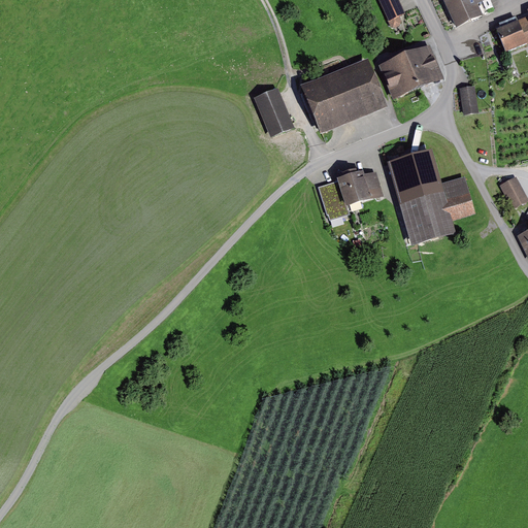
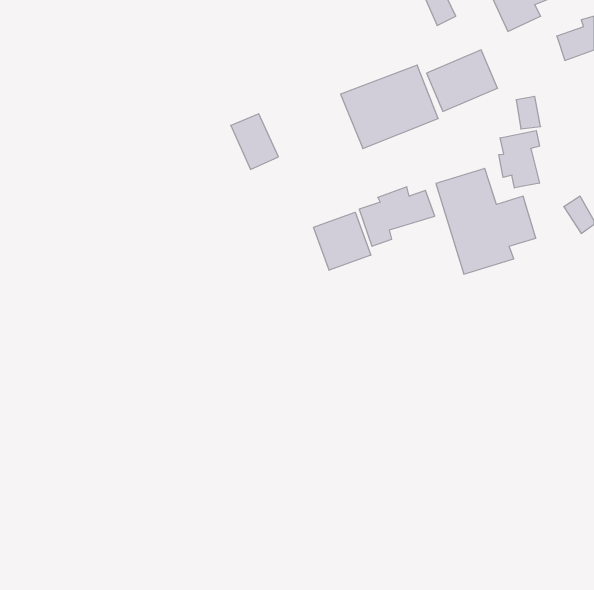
building: [253,88,295,137] -> [231,114,278,169]
building: none -> [499,131,539,188]
building: none -> [314,212,371,270]

